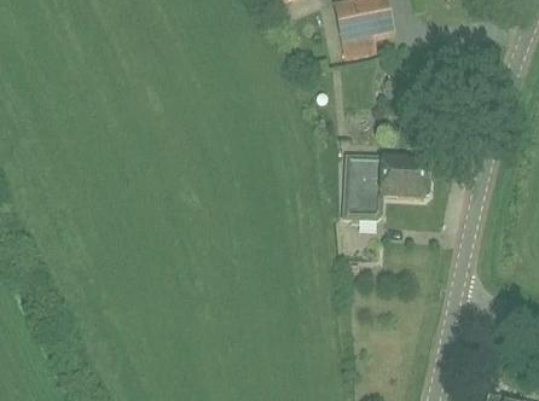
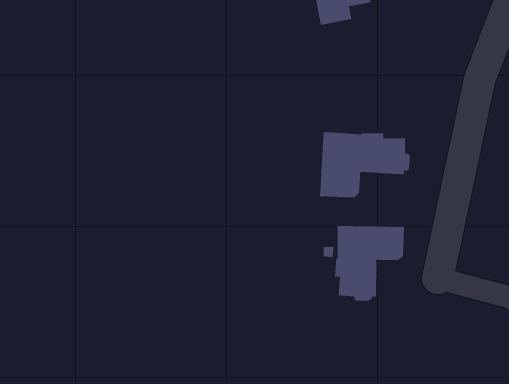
building: none -> [334,225,405,302]

